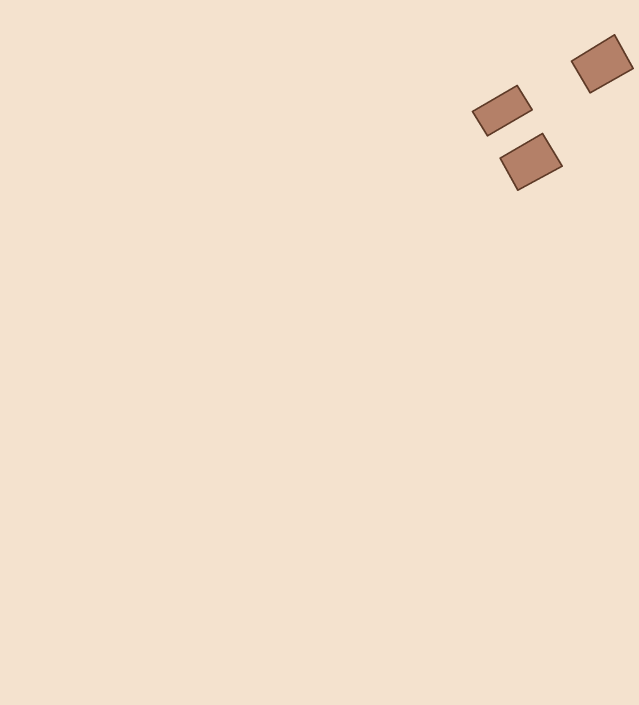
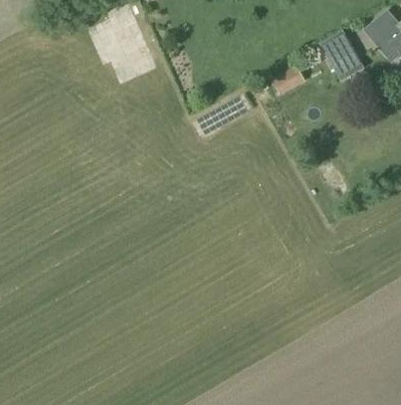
building: [500,133,562,190] -> none

